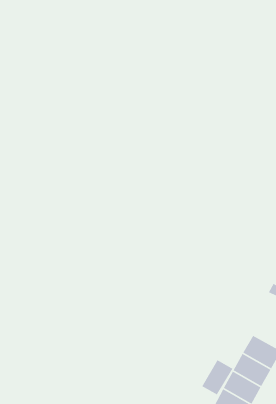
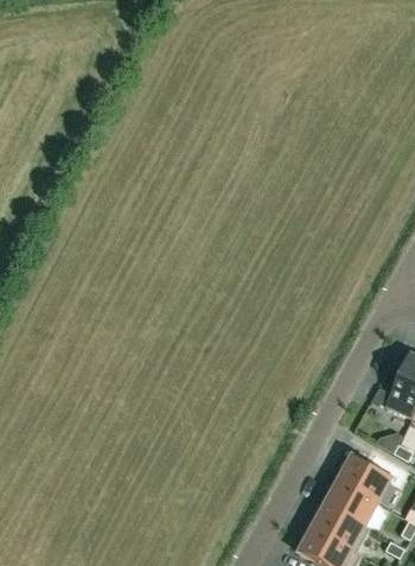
building: [201,359,233,395] -> none

